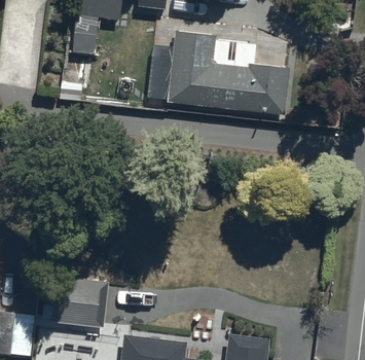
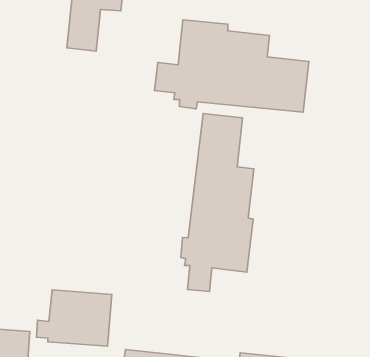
building: none -> [181,113,254,292]

